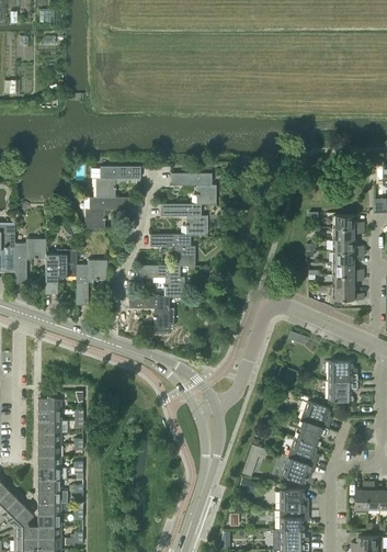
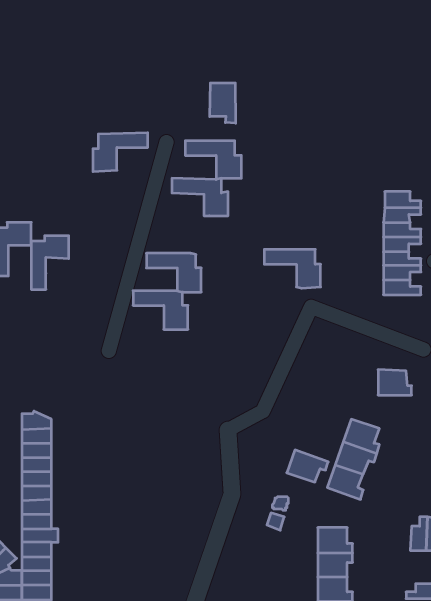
building: none -> [210,83,236,123]
building: [86,198,129,230] -> none
building: [149,235,195,267] -> [264,249,321,288]
building: [76,261,106,306] -> none
building: [328,382,356,402] -> none
building: [281,458,315,484] -> [287,450,328,482]

